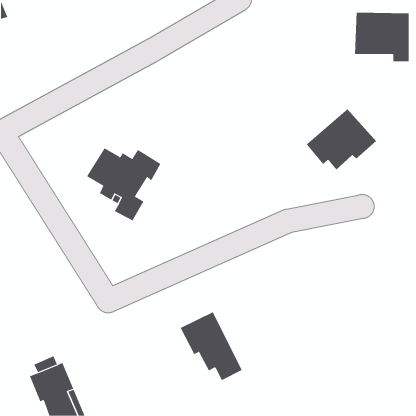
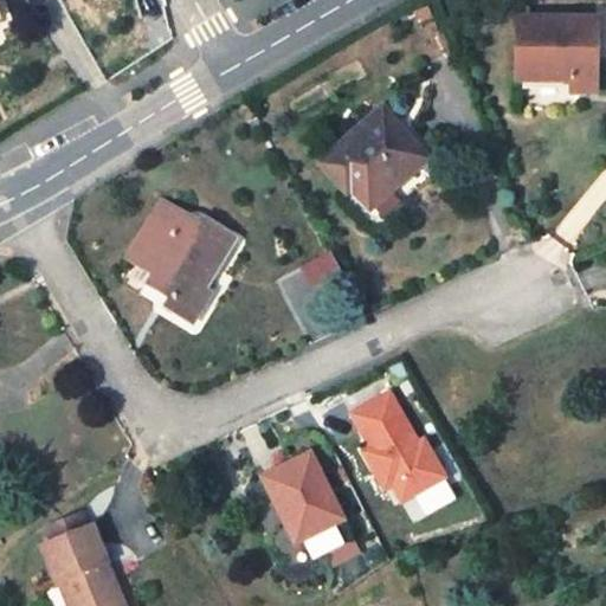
building: [306,108,377,170] -> [322,110,425,200]
building: none -> [348,385,457,522]

